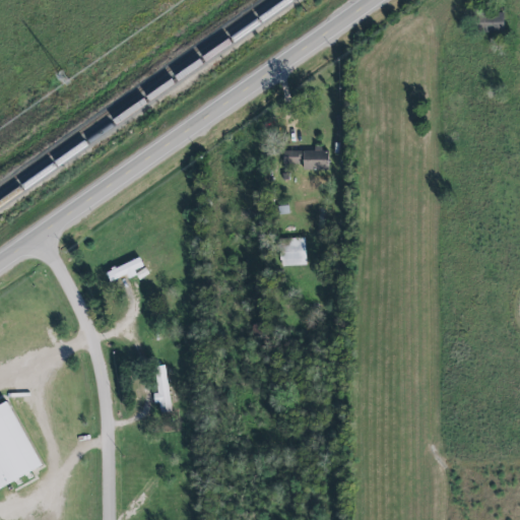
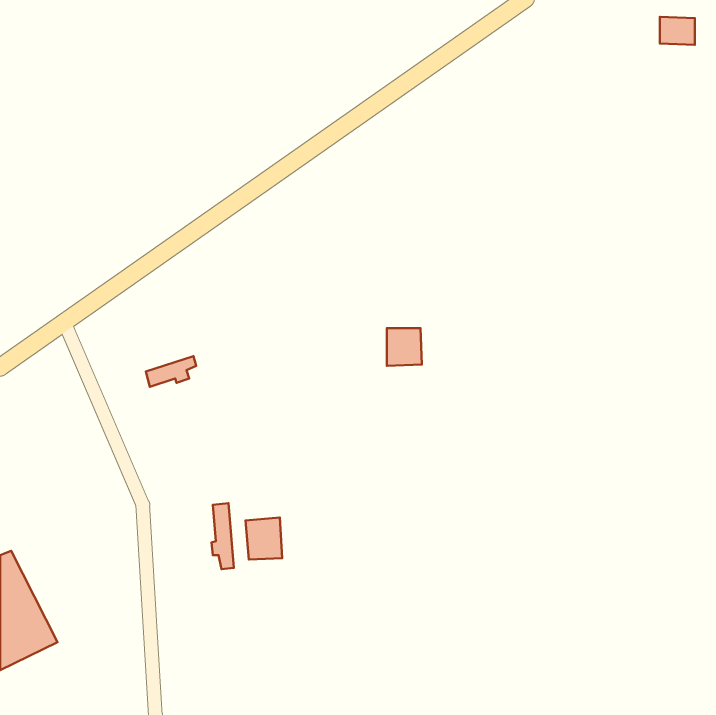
building: [282,150,328,170] -> none
building: none -> [245,517,282,559]

